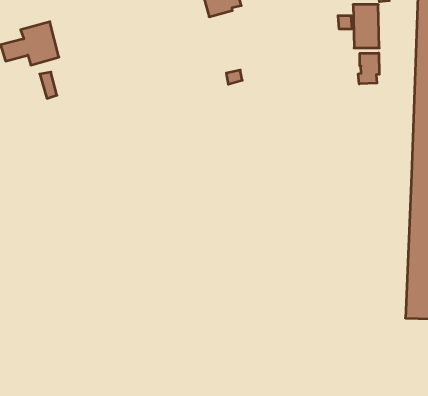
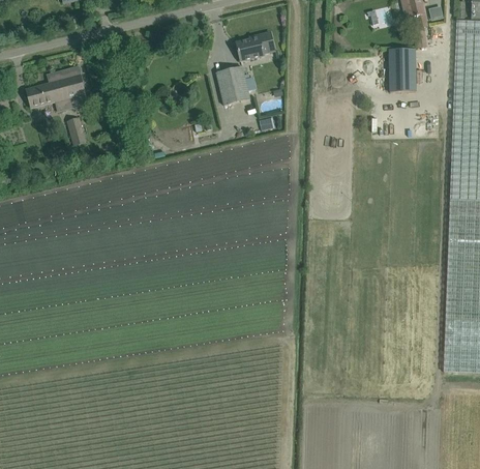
building: none -> [217,65,251,104]
building: [358,53,379,84] -> none

